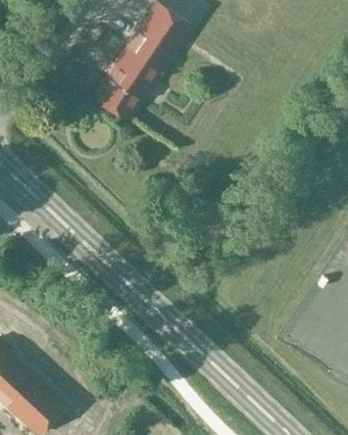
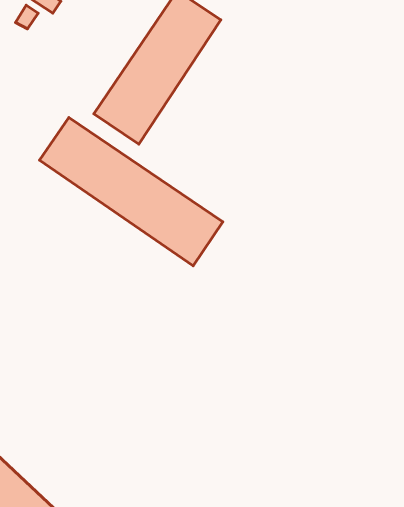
building: none -> [40,118,223,266]

